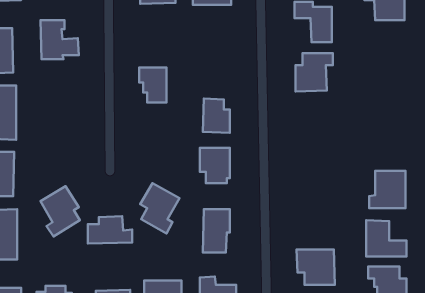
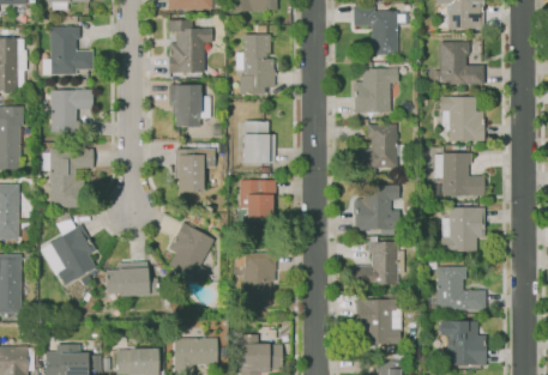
building: none -> [167,19,212,71]
building: none -> [240,35,273,93]
building: none -> [440,42,486,84]
building: none -> [50,87,94,132]
building: none -> [440,96,484,140]
building: none -> [356,123,398,167]
building: none -> [49,149,94,207]
building: none -> [174,149,215,190]
building: none -> [442,153,484,194]
building: none -> [355,185,403,230]
building: none -> [356,242,397,284]

